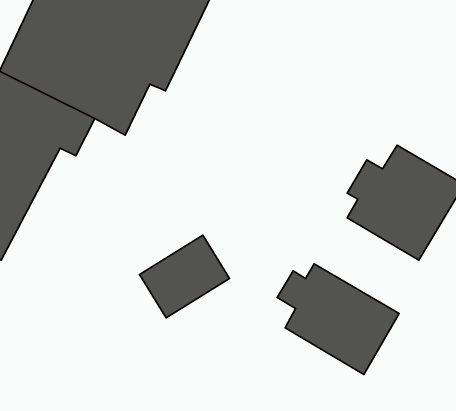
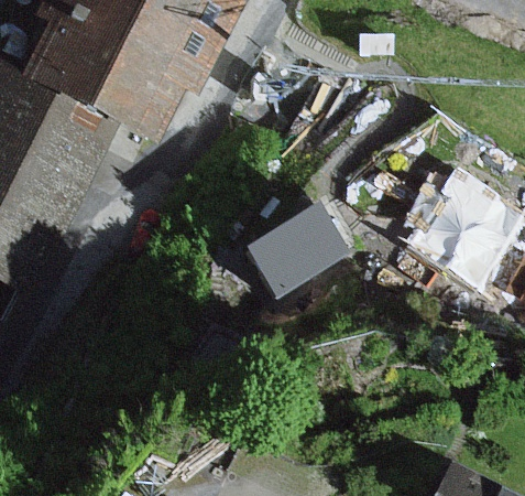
building: [140,235,229,318] -> [247,206,347,299]
building: [277,264,399,374] -> none

